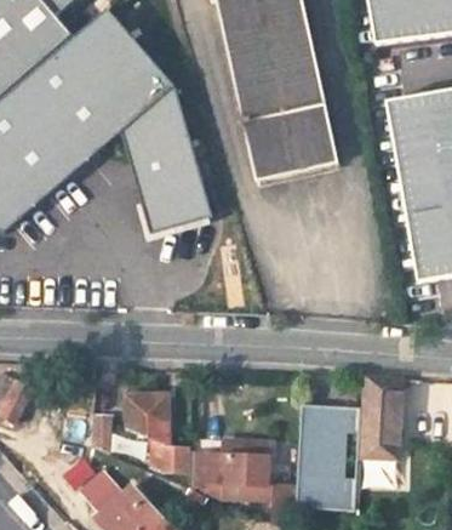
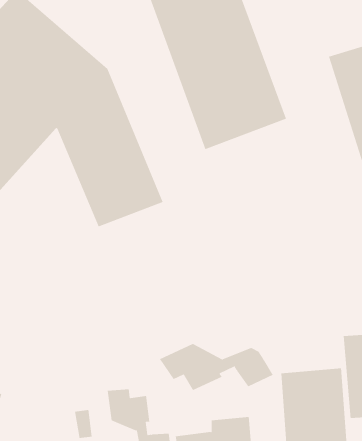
building: none -> [159,343,273,391]

